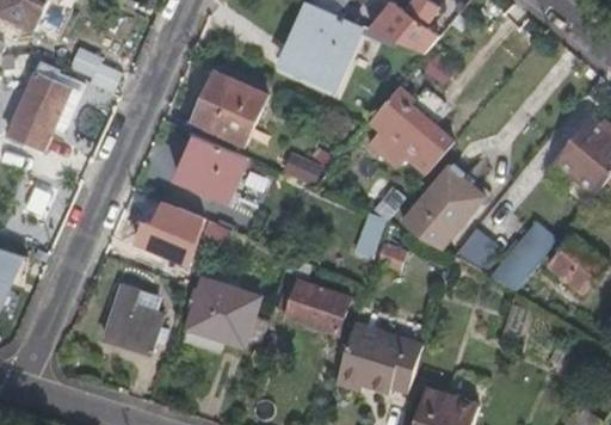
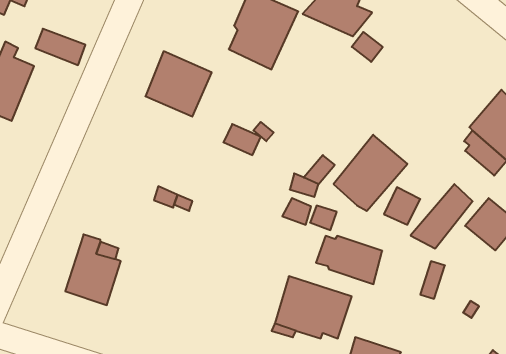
building: [369,86,449,174] -> none
building: [177,136,249,204] -> none
building: [136,198,205,264] -> none
building: [181,279,259,352] -> none
building: [273,279,347,333] -> [316,236,382,284]

